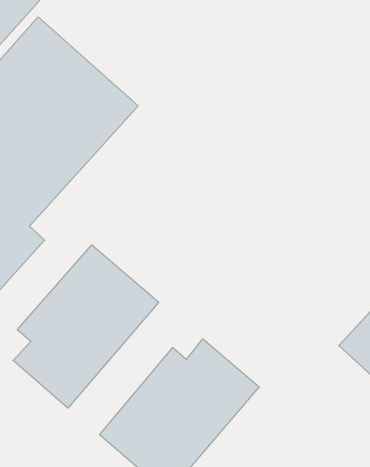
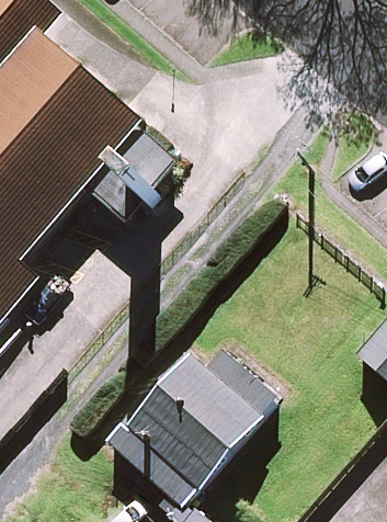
building: [13,245,159,408] -> none

